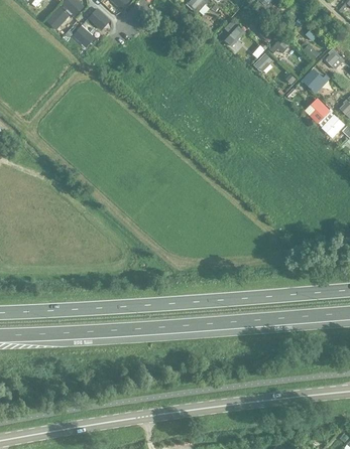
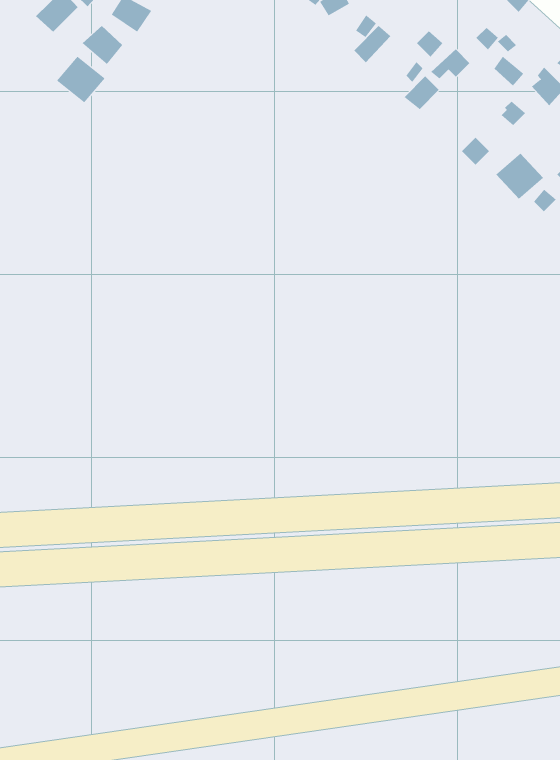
building: none -> [56,56,106,103]

